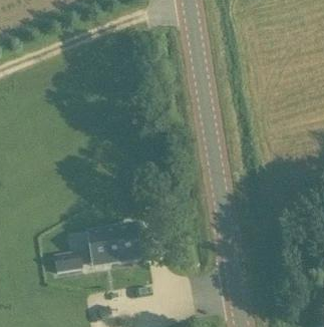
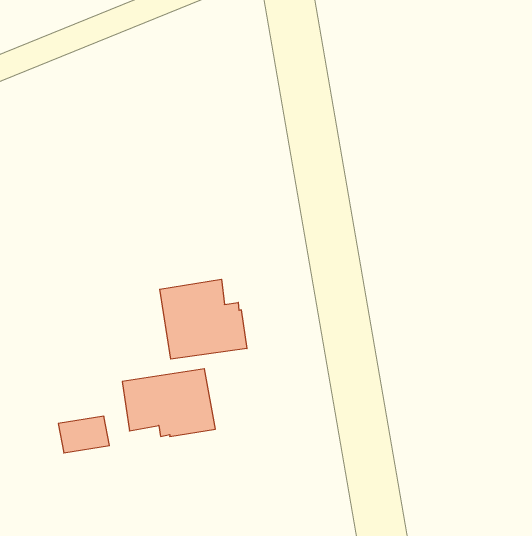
building: none -> [160,279,247,359]

